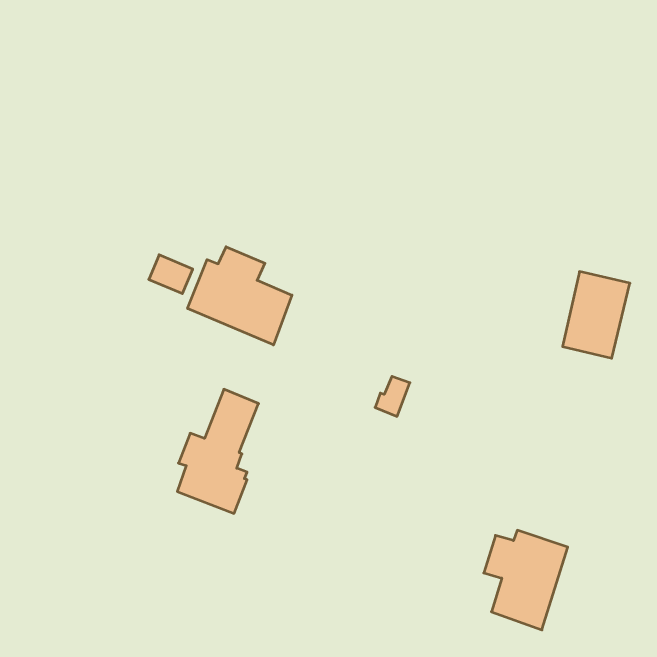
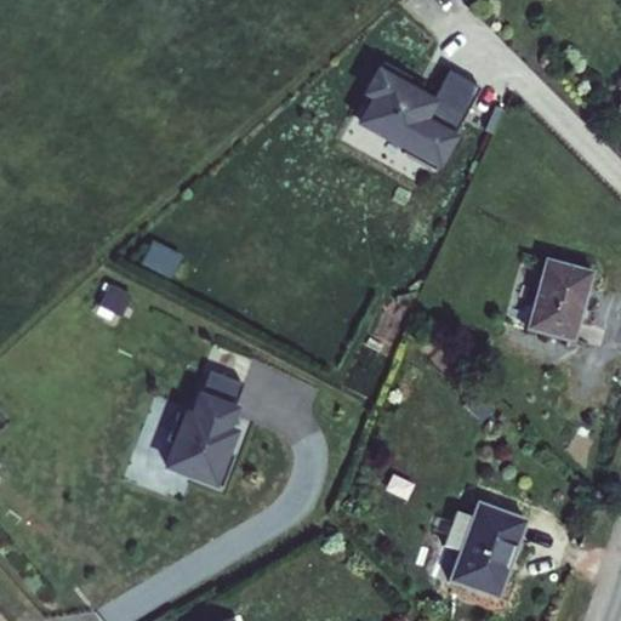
building: none -> [358,63,478,172]
building: [188,247,292,345] -> none

